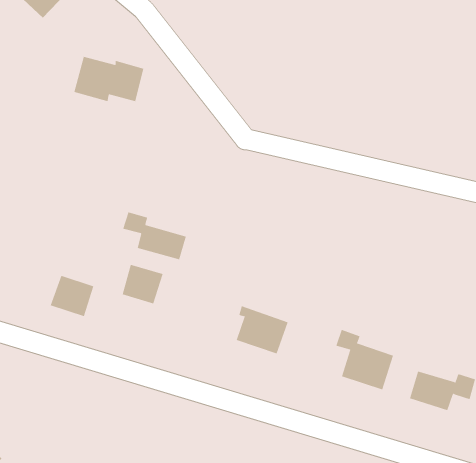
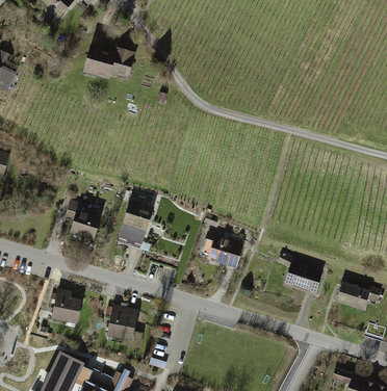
building: [122,212,186,260] -> none
building: none -> [49,288,78,324]
building: none -> [104,306,135,341]

